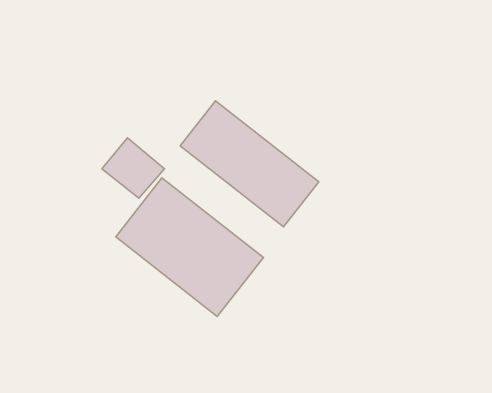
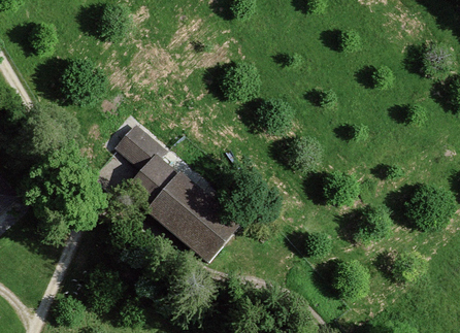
building: [180,101,319,227] -> none

